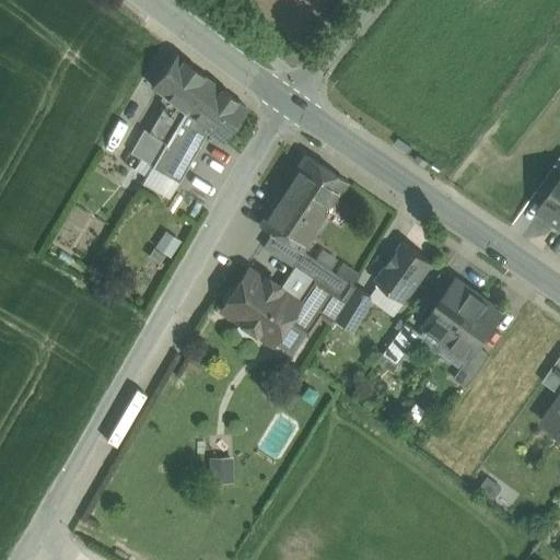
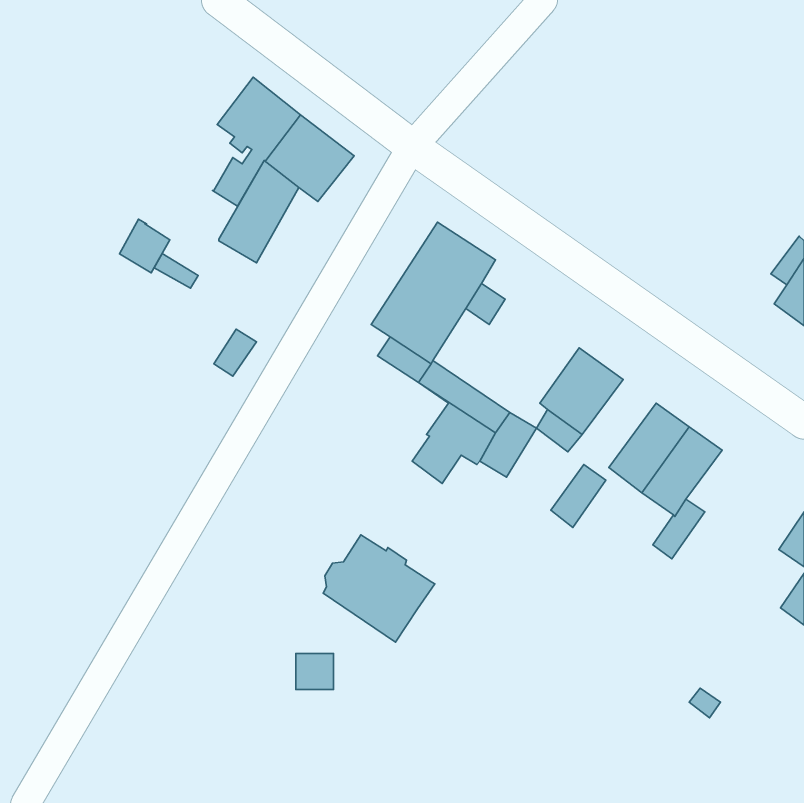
building: [130,130,165,167] -> [120,219,170,273]
building: [221,270,299,345] -> [323,535,435,642]

